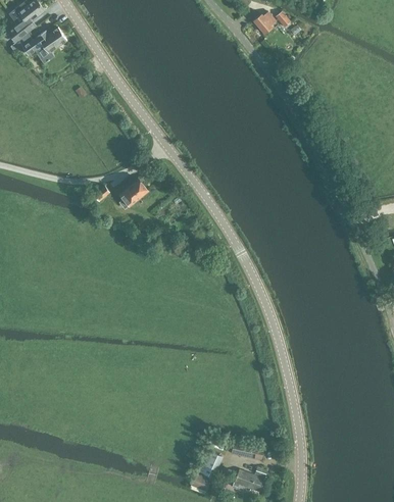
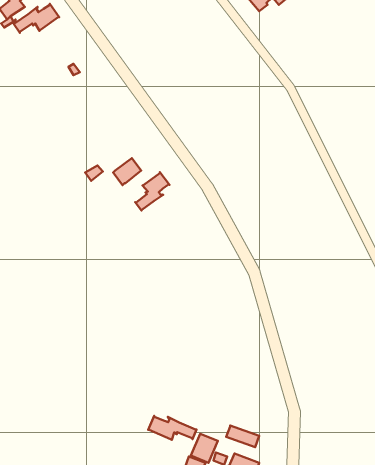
building: none -> [135,172,169,211]
building: none -> [148,416,196,440]

